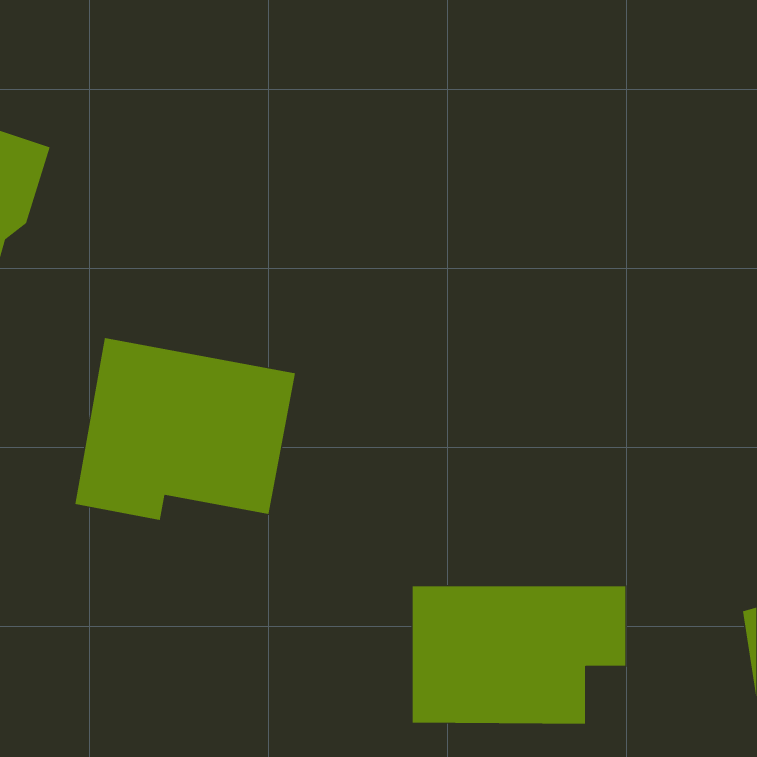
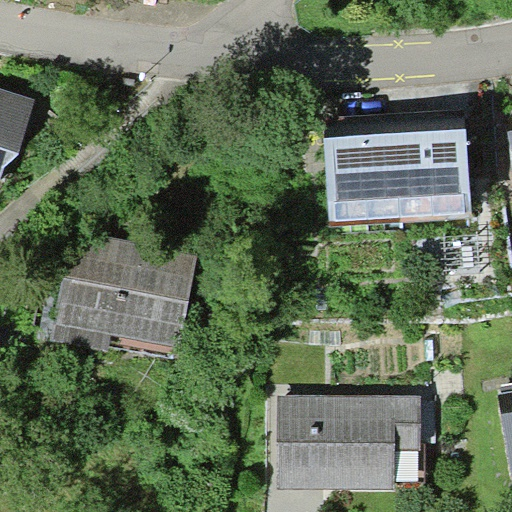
building: none -> [323,126,472,226]

